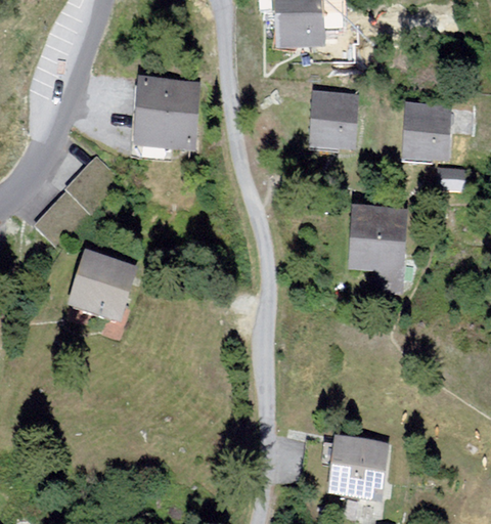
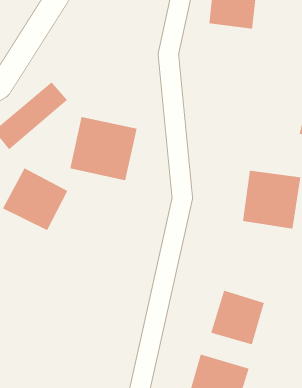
building: [129,80,200,146] -> [69,116,137,181]
building: [309,93,359,149] -> none
building: none -> [211,290,265,345]

